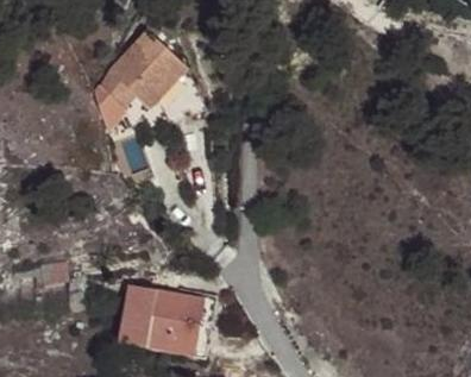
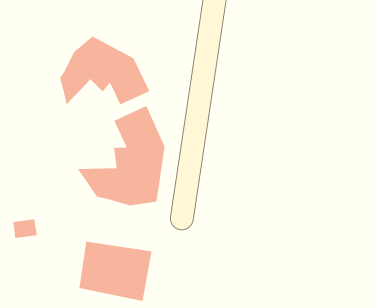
building: none -> [77,105,166,206]

